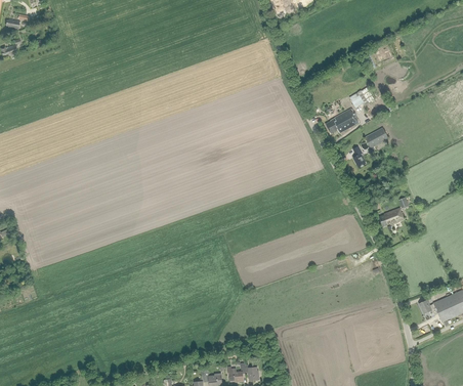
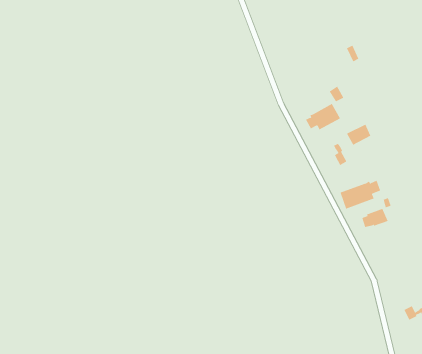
building: none -> [340,180,381,210]

